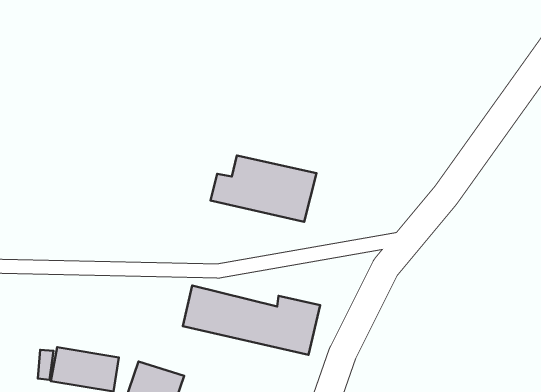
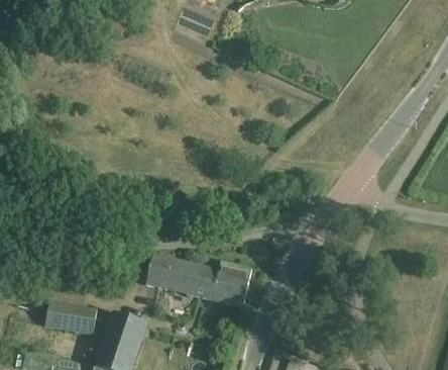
building: [210,155,317,222] -> none

